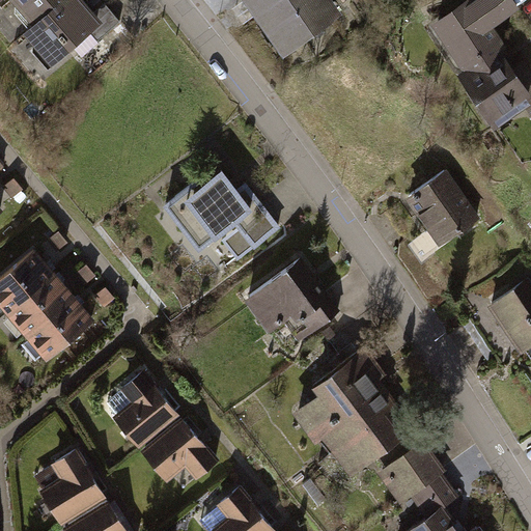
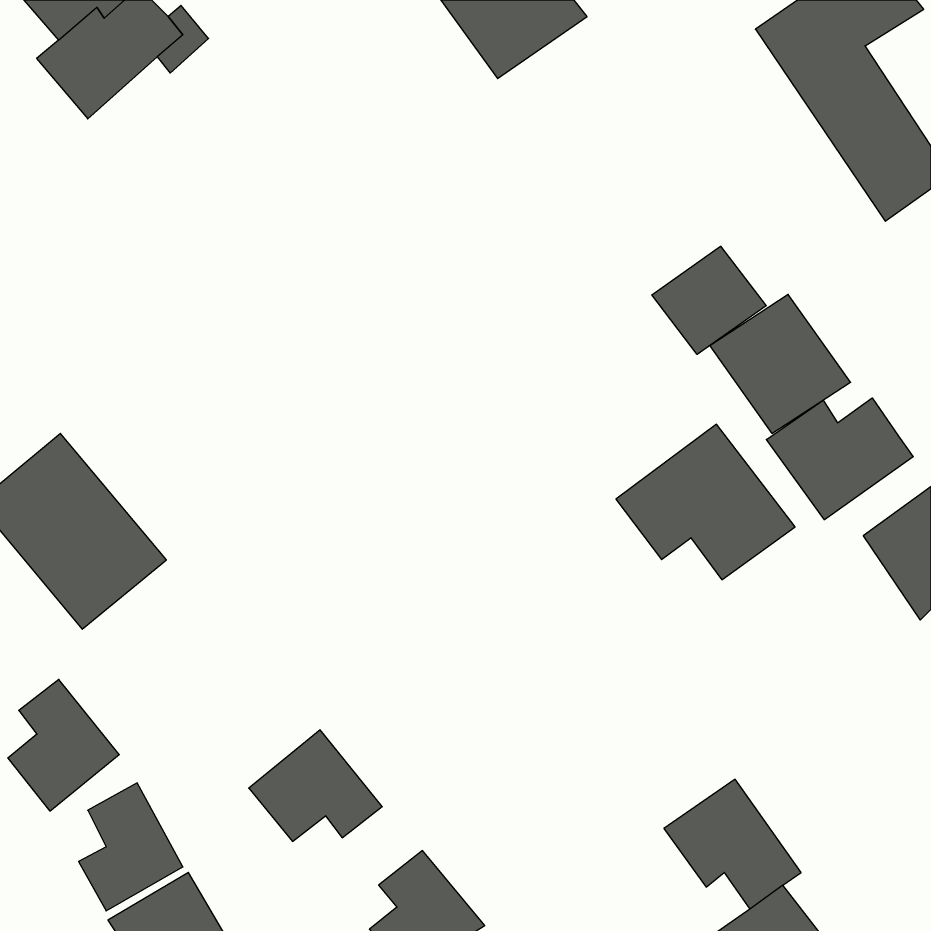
building: none -> [652,246,766,354]
building: [161,171,279,262] -> none
building: none -> [766,398,913,520]
building: [242,259,343,347] -> [616,424,795,580]
building: [286,345,406,480] -> none
building: [114,371,177,446] -> [8,679,119,811]

